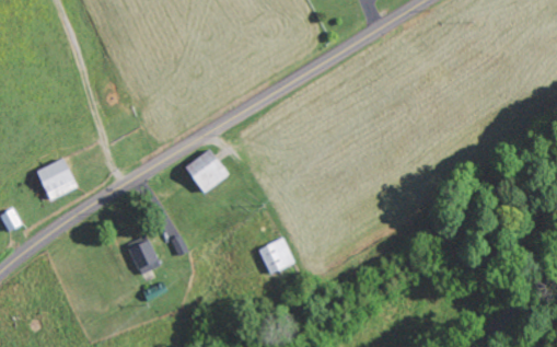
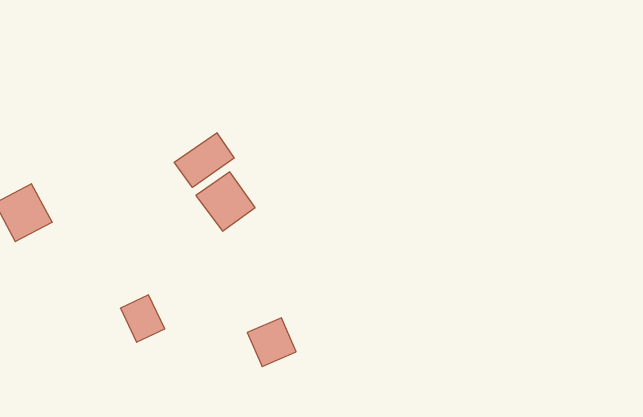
building: none -> [174,133,234,187]
building: [258,238,294,274] -> [247,318,296,367]

